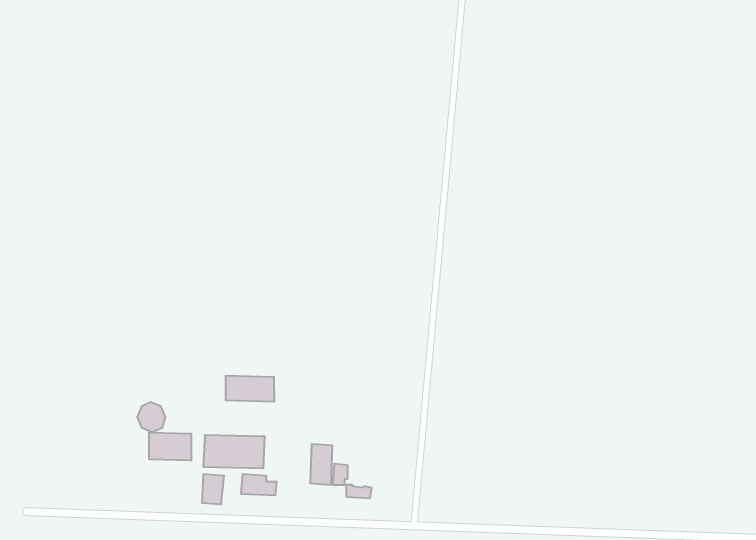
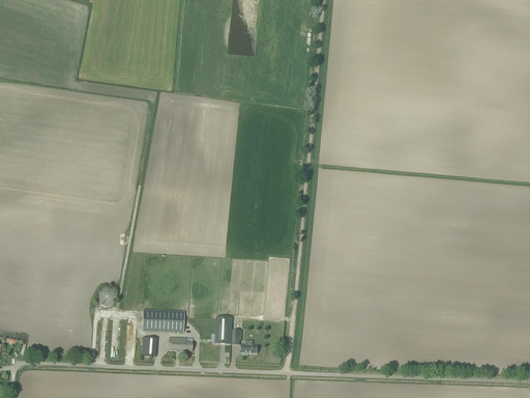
building: [226,376,274,402] -> none
building: [149,433,191,461] -> none

